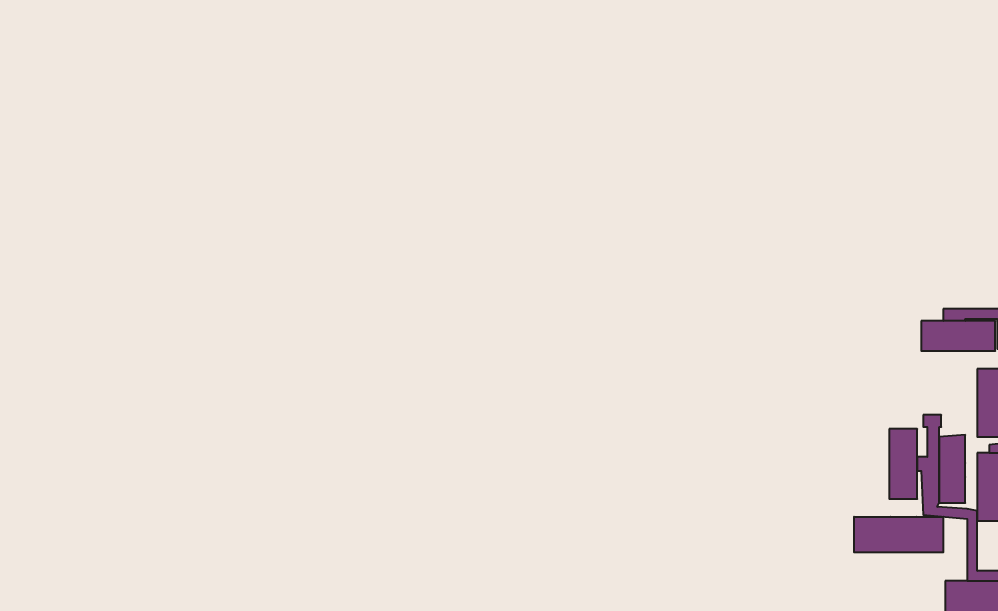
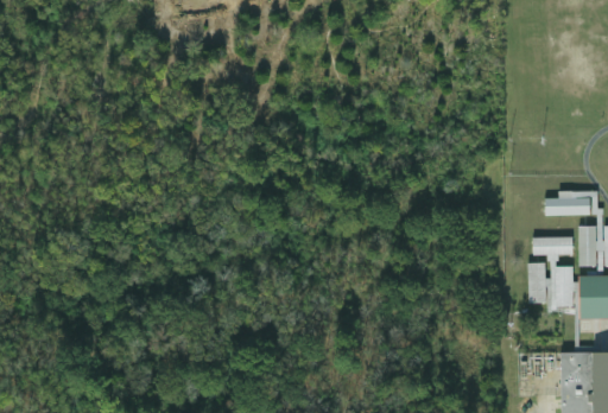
building: none -> [534,237,575,254]
building: [854,517,943,552] -> none

